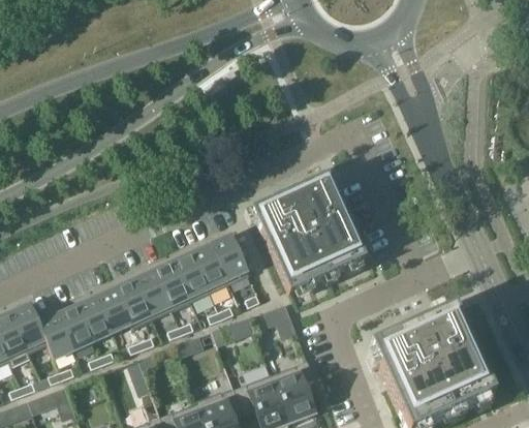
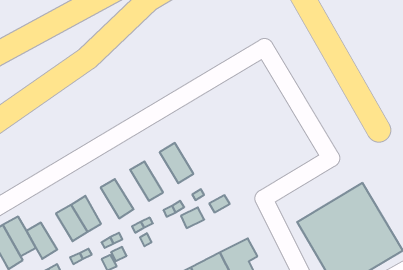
building: [252,175,367,294] -> none
building: [192,244,230,294] -> none
building: [154,262,192,310] -> none
building: [116,279,154,329] -> none
building: [58,305,94,349] -> none

